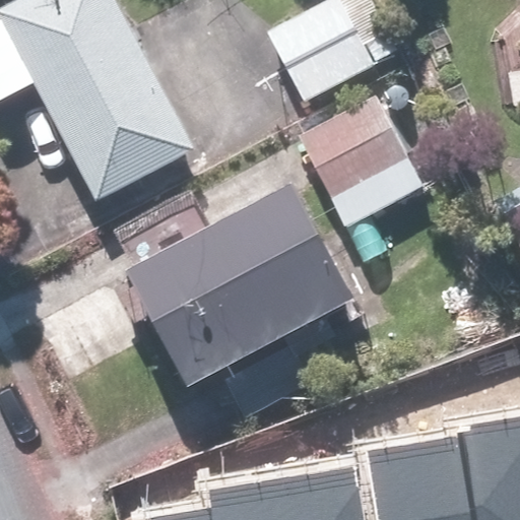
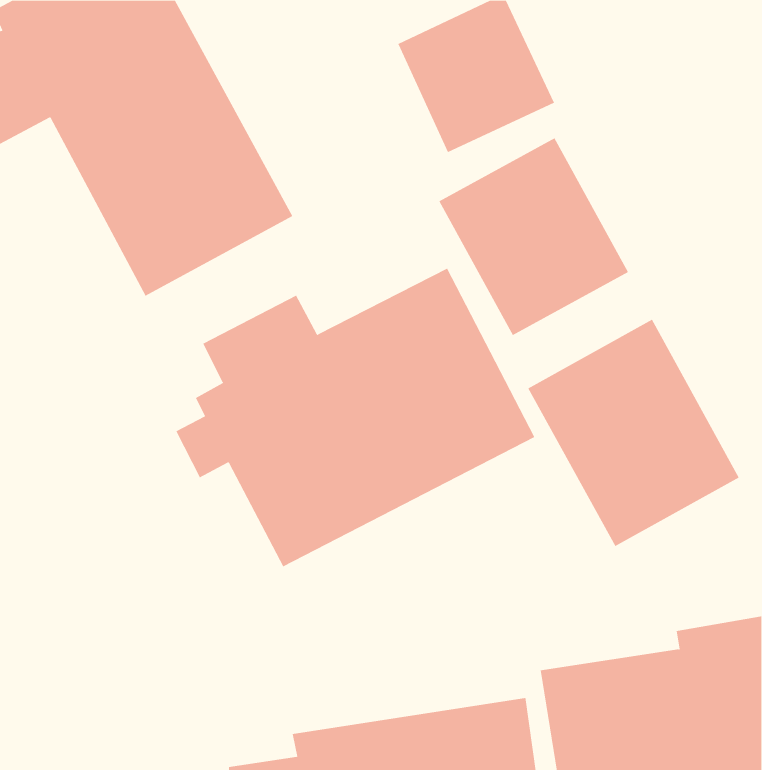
building: none -> [528,319,740,547]

